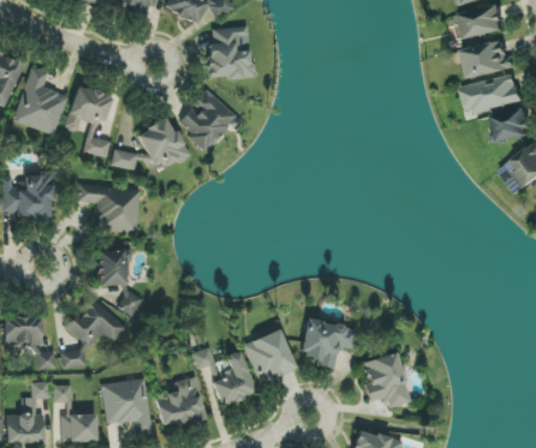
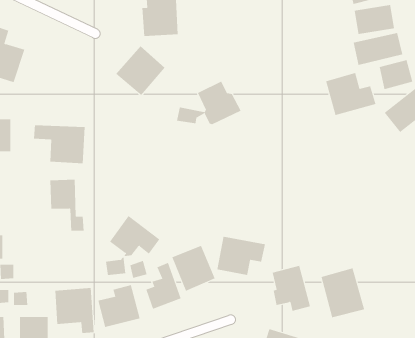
building: [65,86,112,159] -> none
building: [111,118,189,171] -> [176,81,241,125]
building: none -> [326,72,376,116]
building: [60,297,126,369] -> [105,215,160,275]
building: none -> [321,268,365,318]

